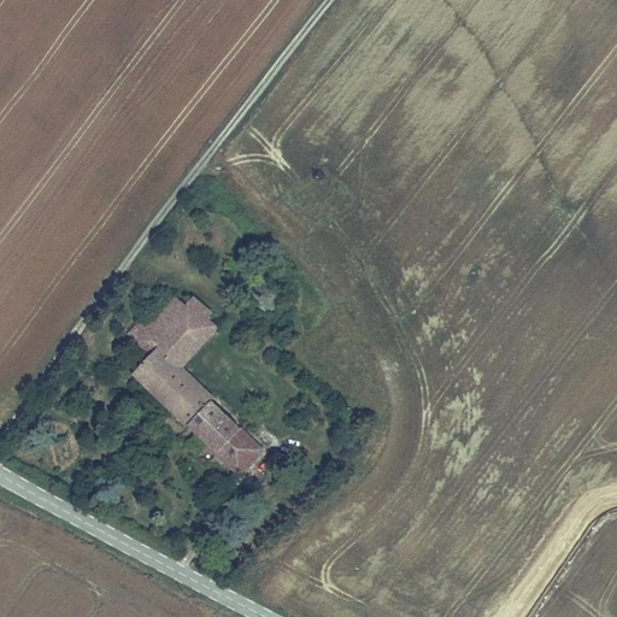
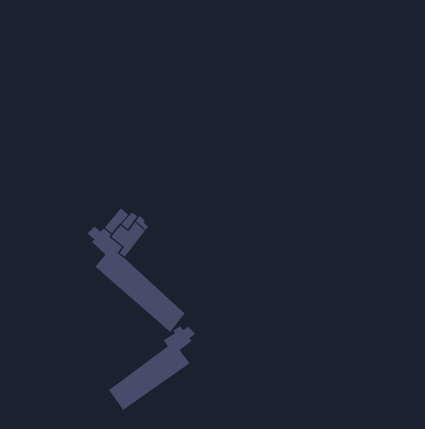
building: none -> [108,326,196,411]

